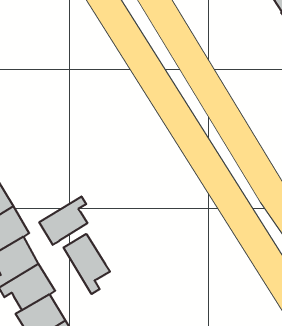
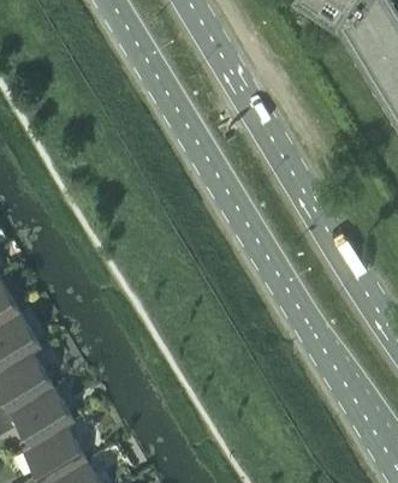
building: [39,196,87,245] -> none
building: [64,234,110,294] -> none

